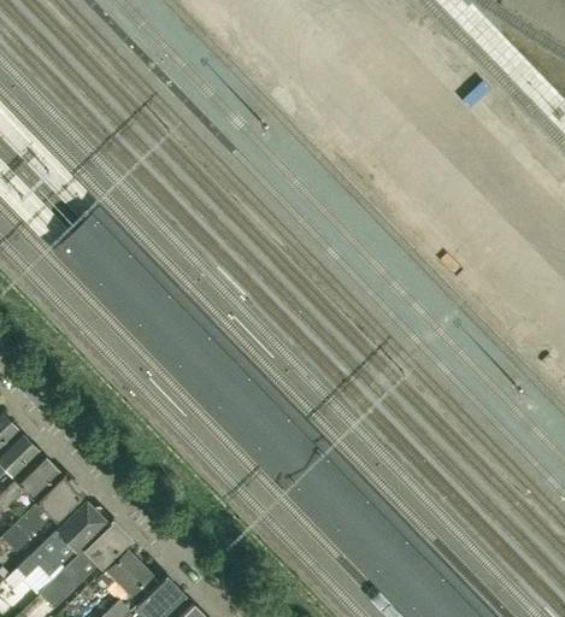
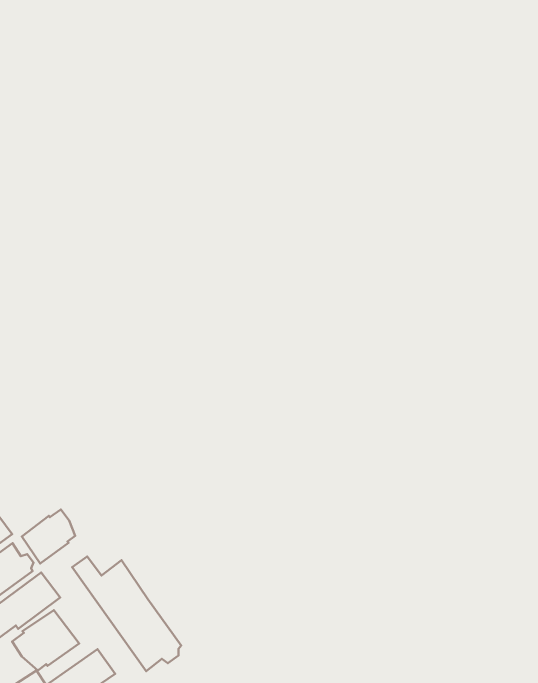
building: none -> [22,510,75,563]
building: none -> [72,557,181,671]

